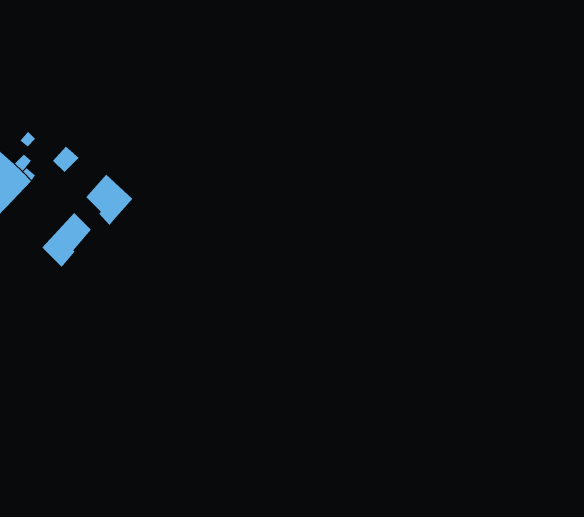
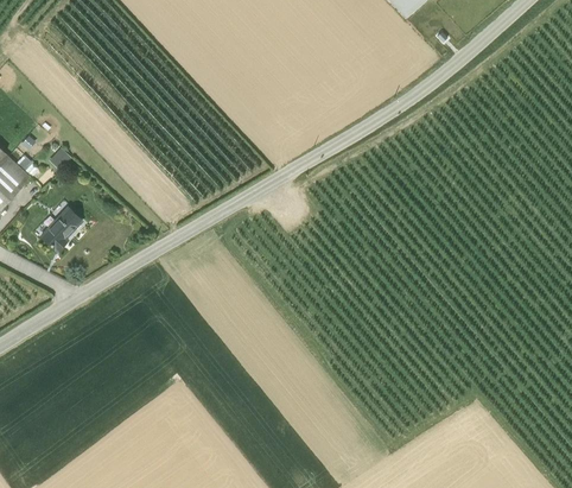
building: [86,174,133,226] -> none

